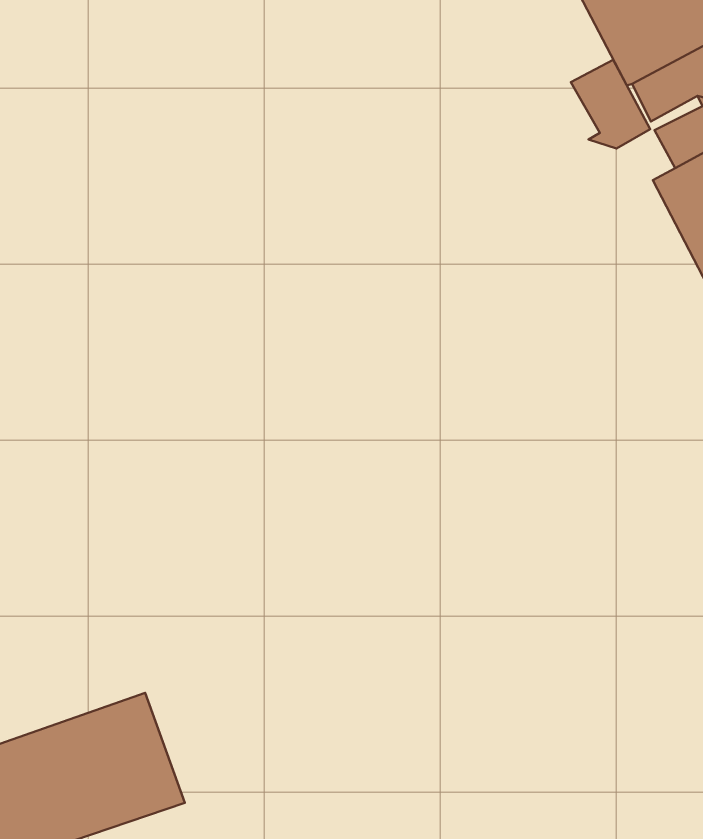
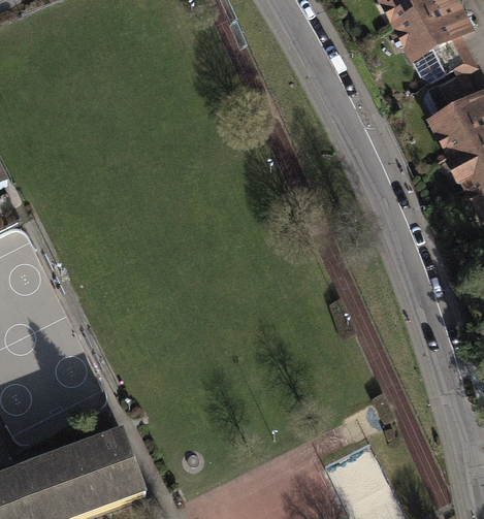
building: [571,60,650,148] -> none

